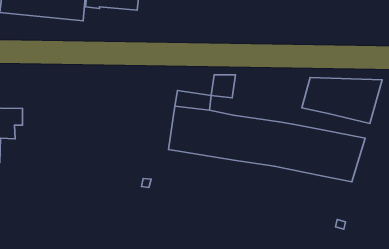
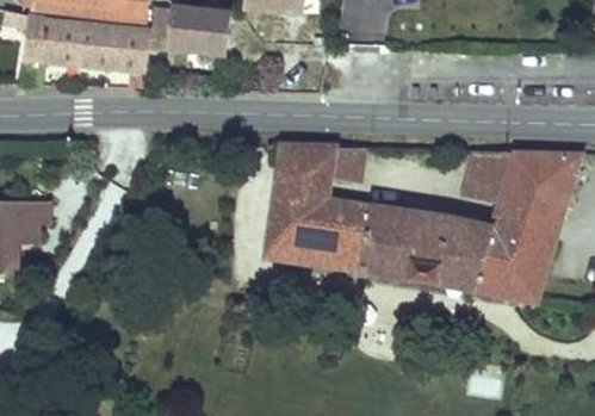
building: none -> [281,147,335,179]
building: none -> [492,205,562,241]

